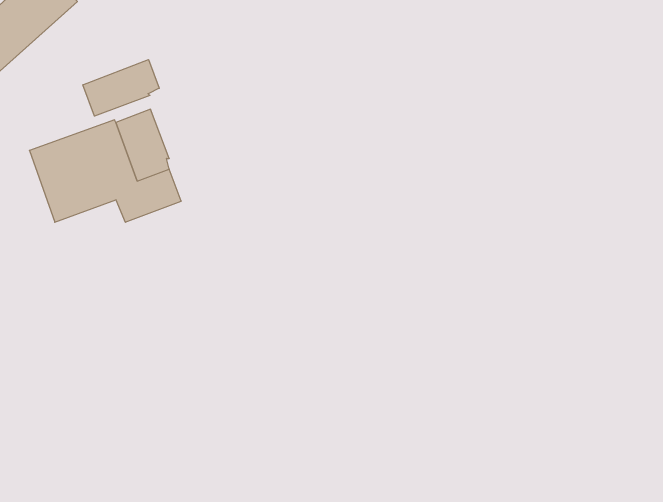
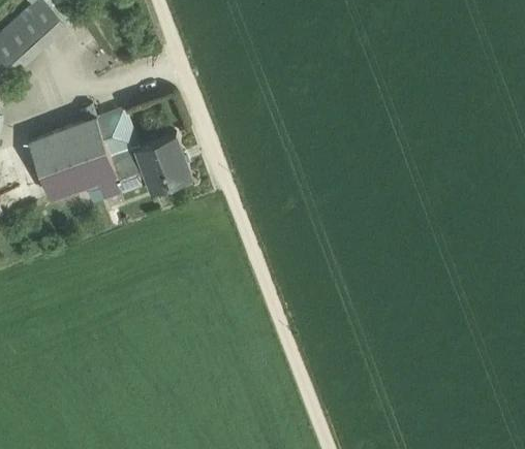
building: [83,60,159,116] -> none
building: none -> [132,135,186,192]

